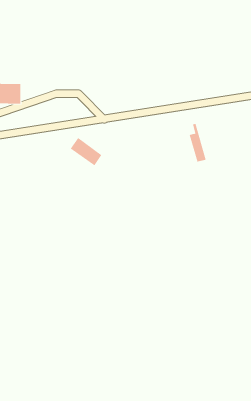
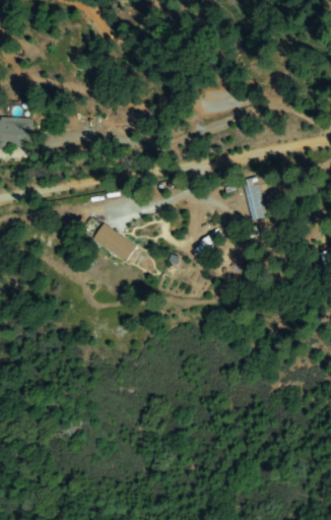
building: [70,137,102,166] -> [94,223,135,260]

